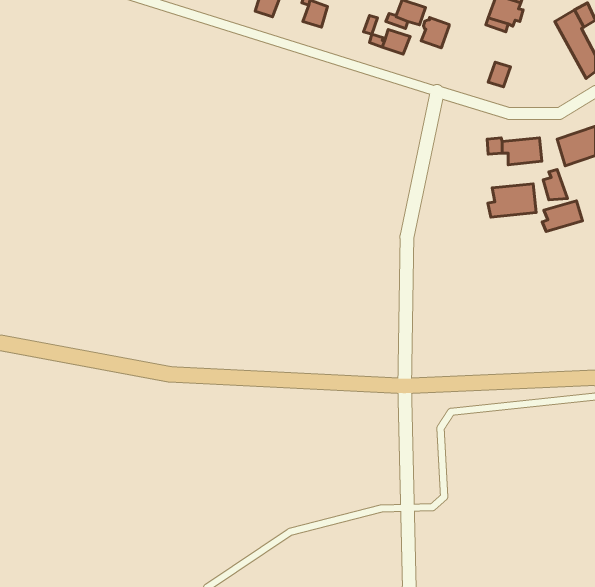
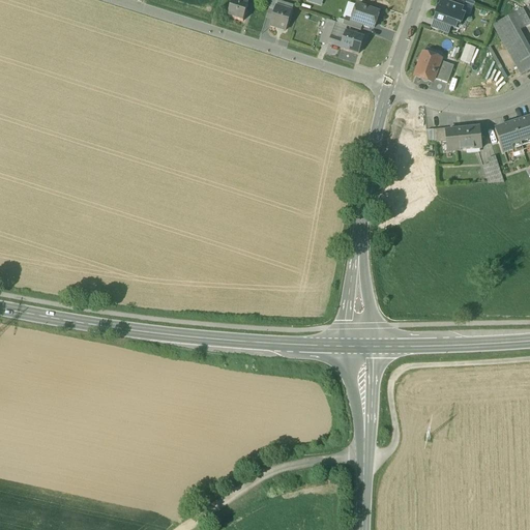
building: [421,18,449,48] -> [415,51,440,78]
building: [488,184,536,217] -> none
building: [542,201,582,232] -> none

